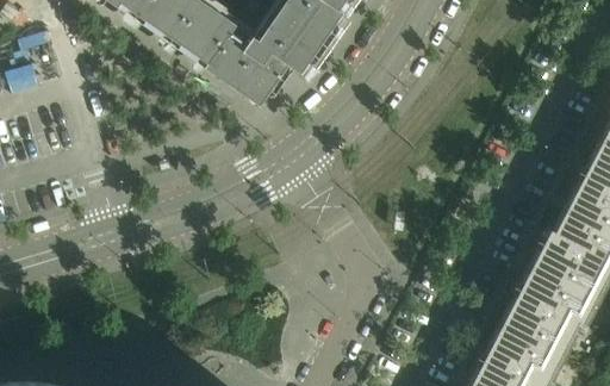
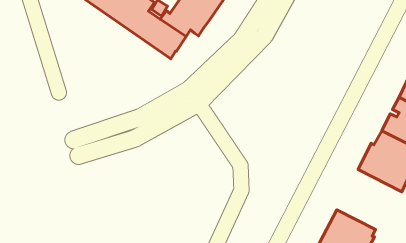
building: [502,266,596,353] -> none

